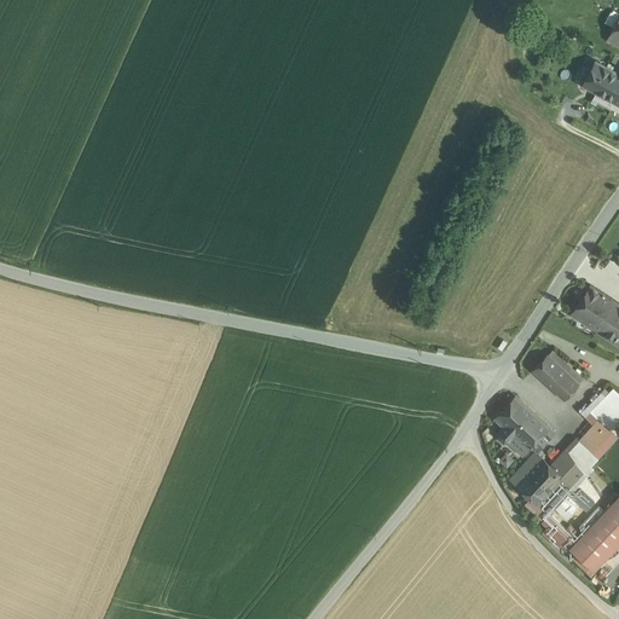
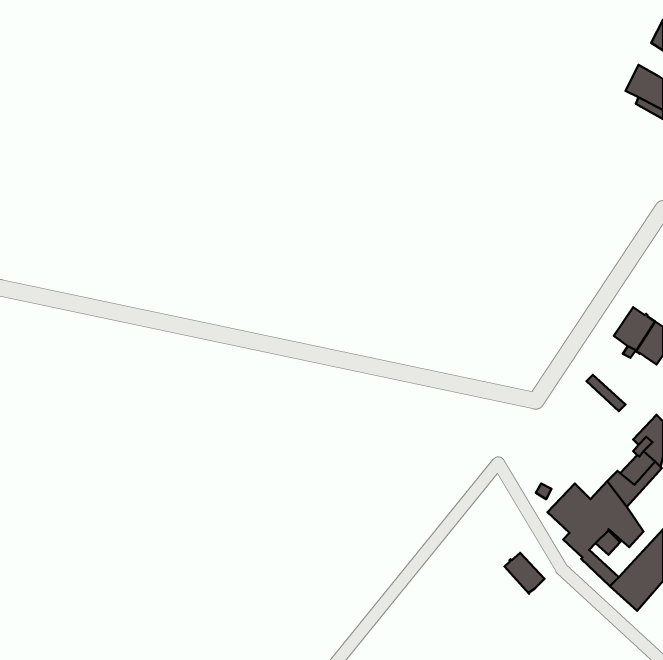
building: [533,358,577,400] -> none
building: [496,398,554,452] -> none
building: none -> [504,553,544,594]

